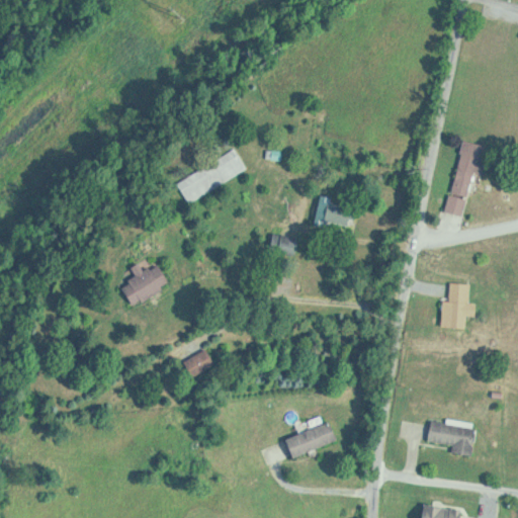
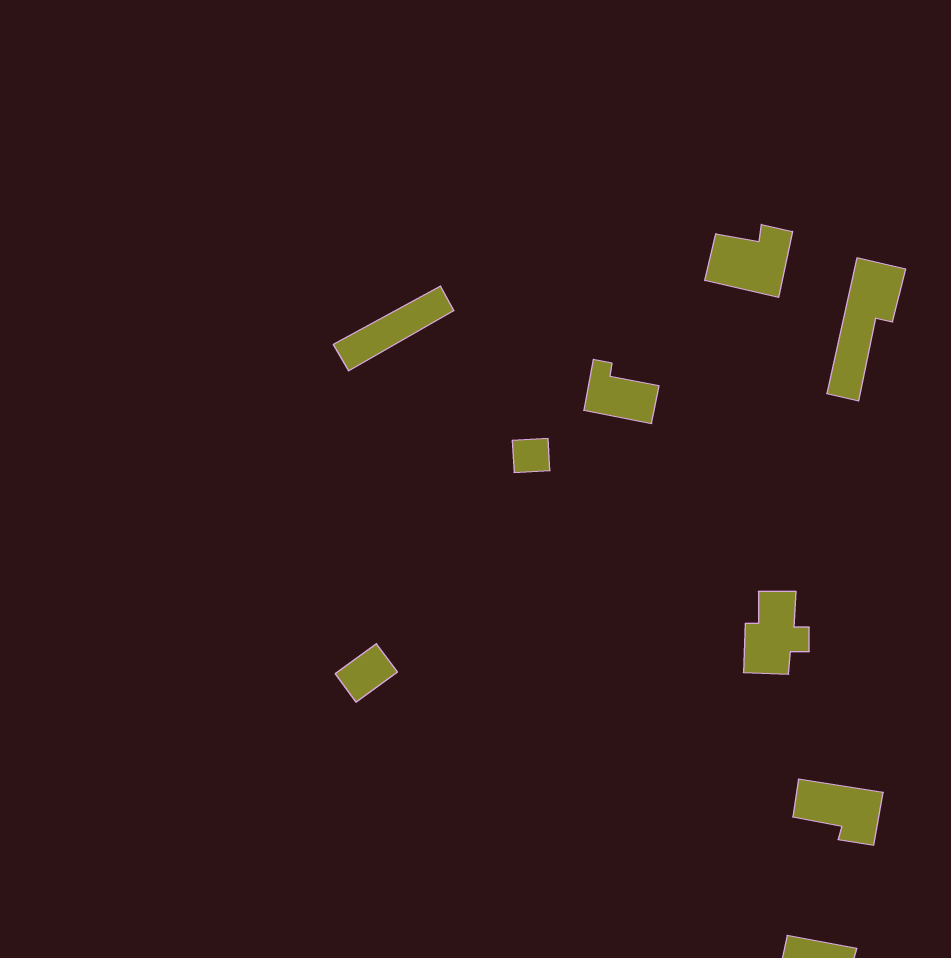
building: none -> [705,224,792,297]
building: [125,264,169,304] -> none
building: [439,284,474,329] -> [743,591,809,674]
building: [283,423,336,457] -> none

